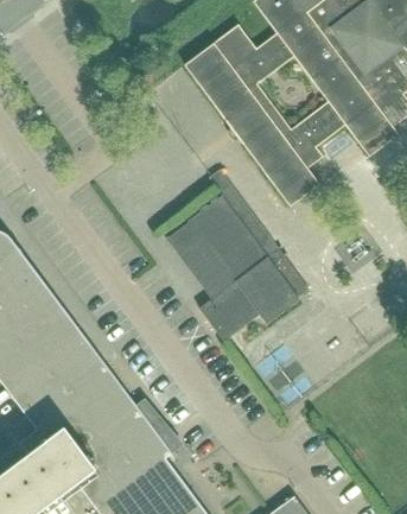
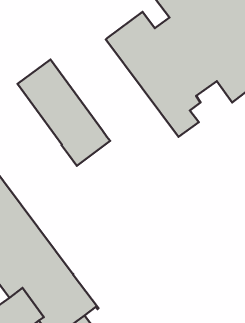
building: none -> [18,60,110,166]
building: [166,195,300,341] -> none

